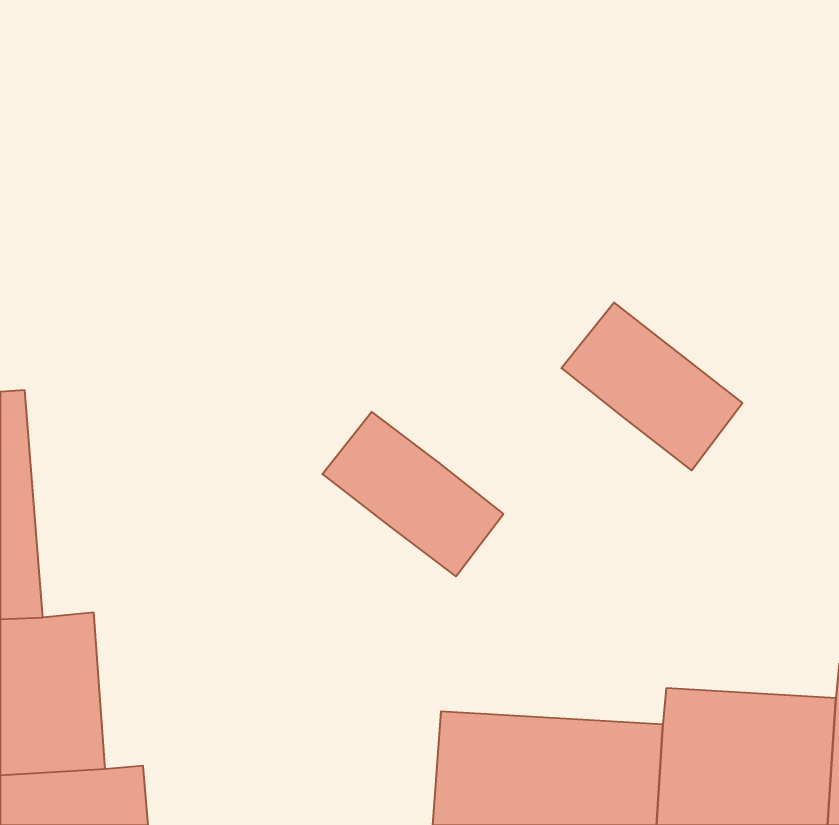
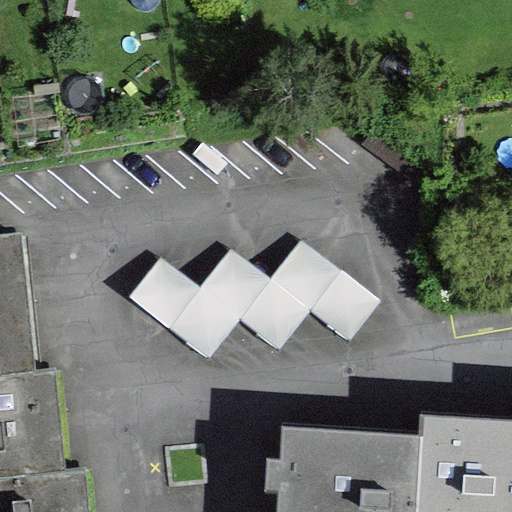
building: [561,302,742,470] -> [268,241,378,343]
building: none -> [127,257,237,358]

